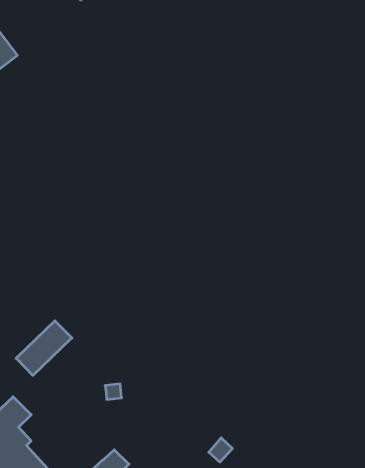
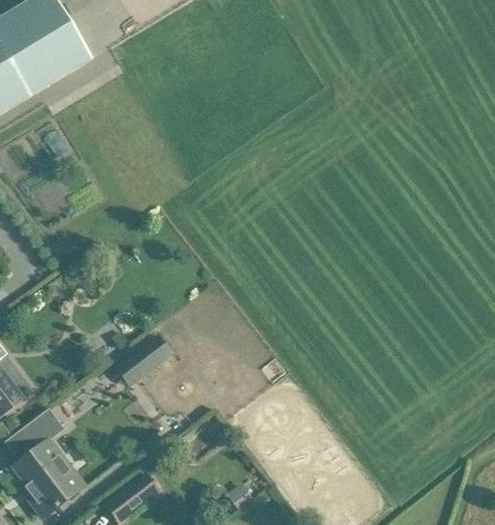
building: [16,321,72,375] -> [114,332,173,386]

